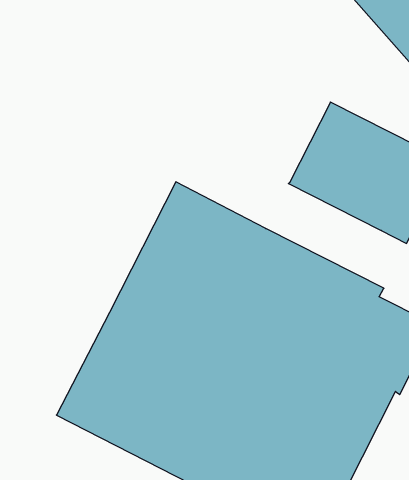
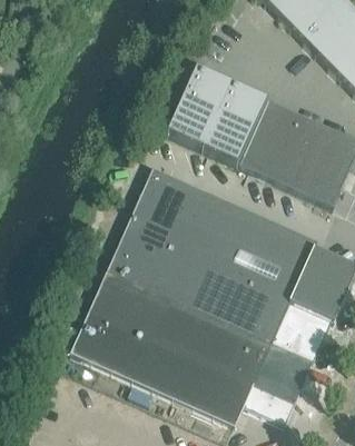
building: none -> [167,69,267,166]

